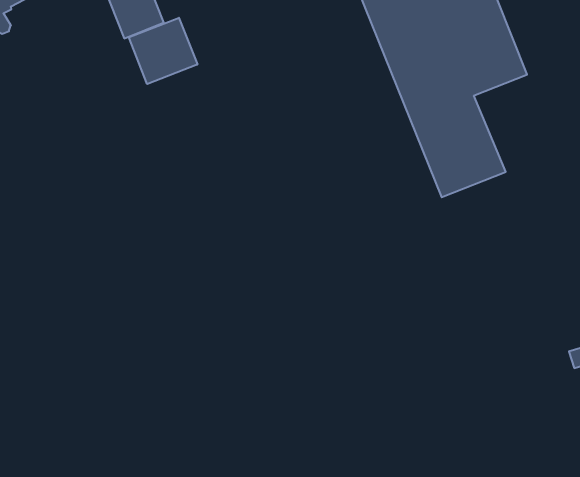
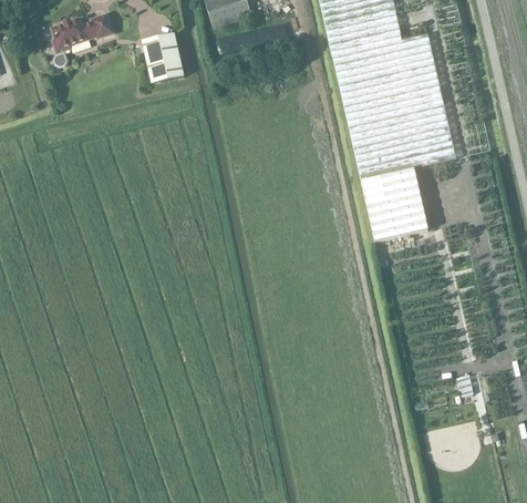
building: [129,18,197,84] -> none

